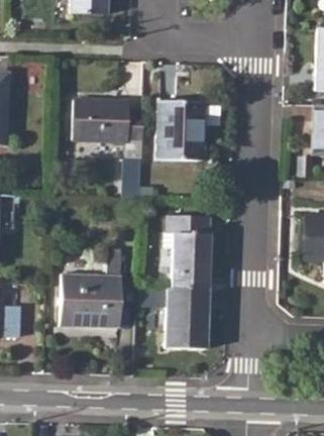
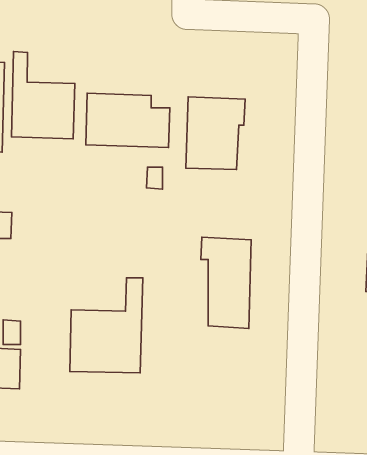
building: none -> [12,52,75,139]
building: [167,288,208,348] -> none

